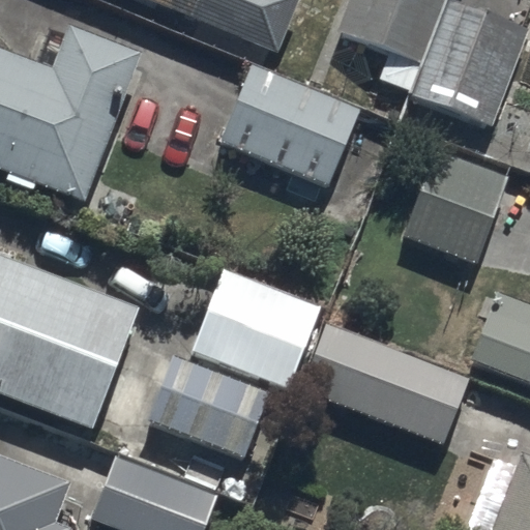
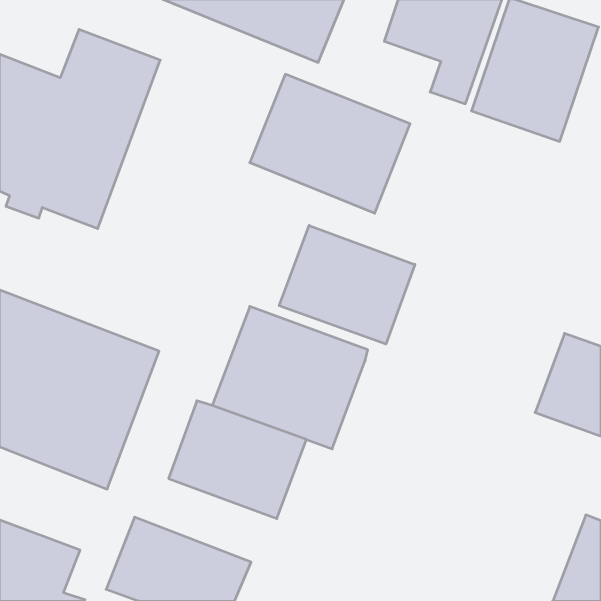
building: [402,149,509,264] -> none
building: none -> [279,225,415,344]
building: [292,317,475,451] -> none

